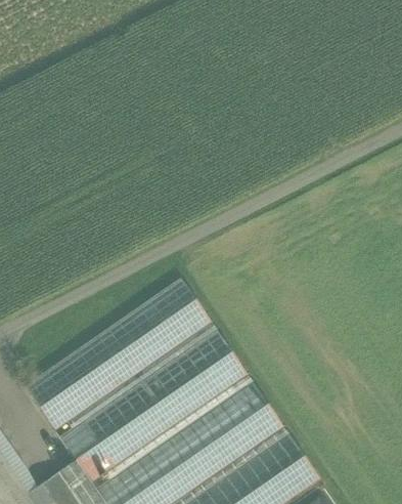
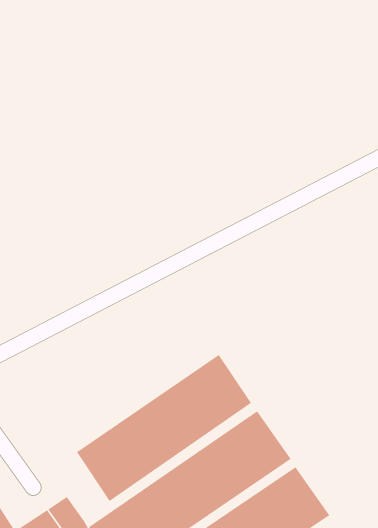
building: [25,280,213,433] -> none
building: [60,423,116,486] -> none

